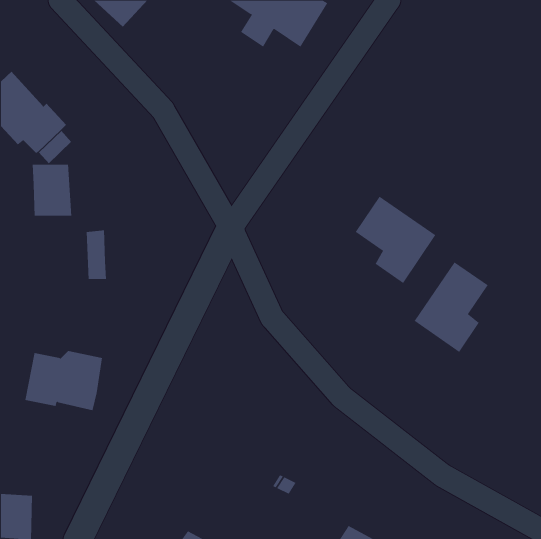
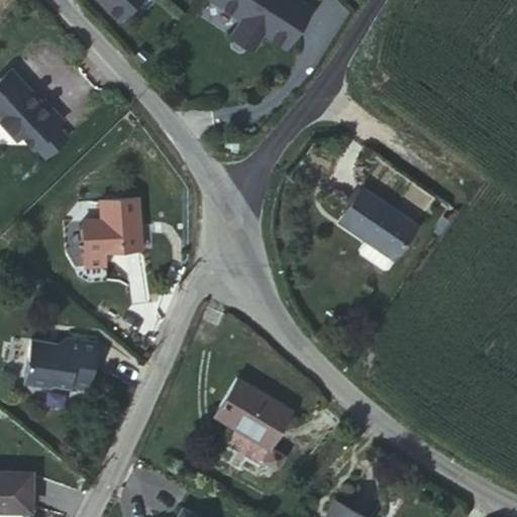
building: [32,164,72,216] -> [99,202,137,251]
building: [414,262,488,353] -> none
building: none -> [213,378,293,450]

